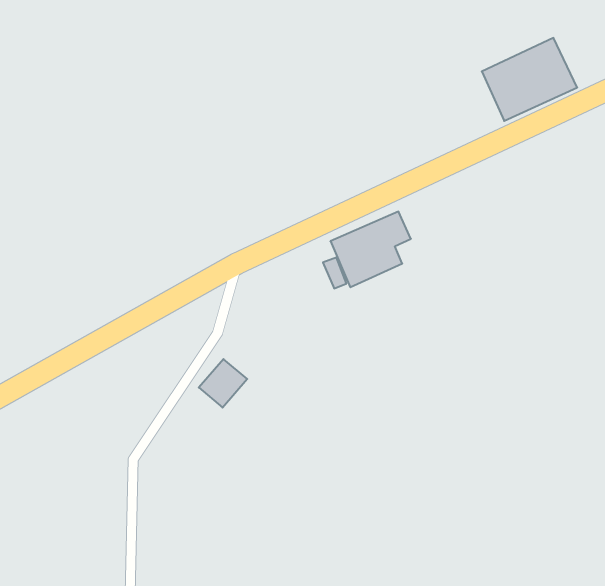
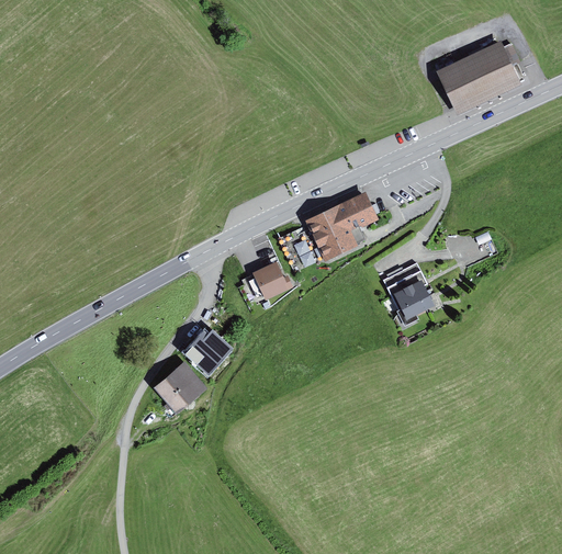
building: none -> [249,257,288,295]
building: none -> [384,261,440,320]
building: none -> [156,363,206,412]

